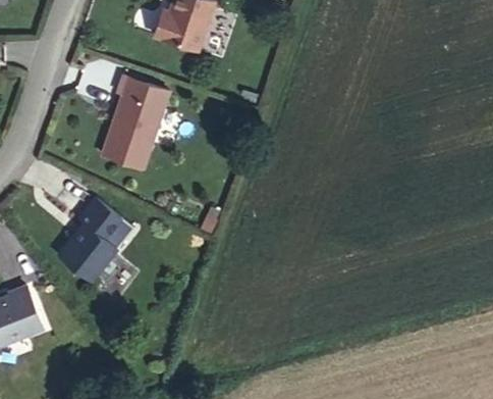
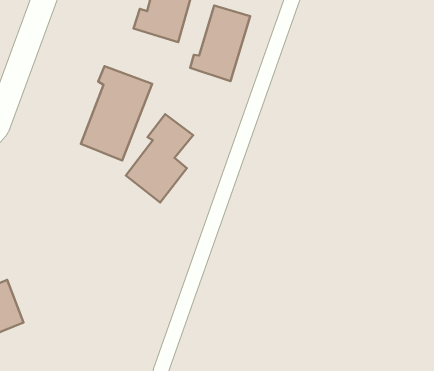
building: none -> [190,6,250,81]
building: [55,195,121,282] -> [126,114,193,203]

